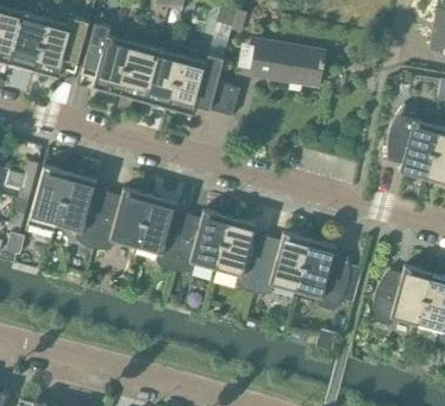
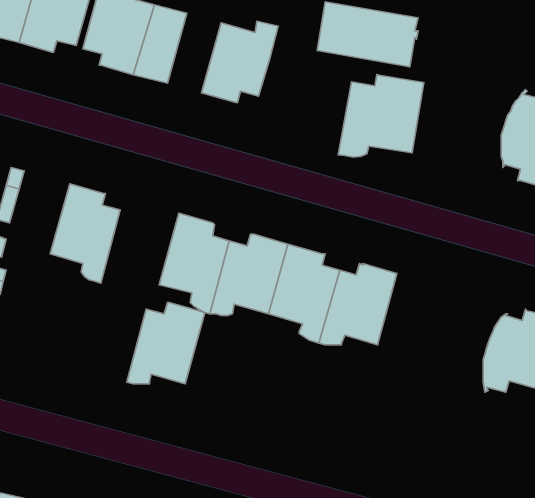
building: [142,49,181,107] -> none
building: [208,82,239,117] -> none
building: none -> [338,74,424,157]
building: [26,167,70,233] -> none
building: [93,188,150,248] -> [127,303,205,384]
building: [295,239,349,314] -> none

